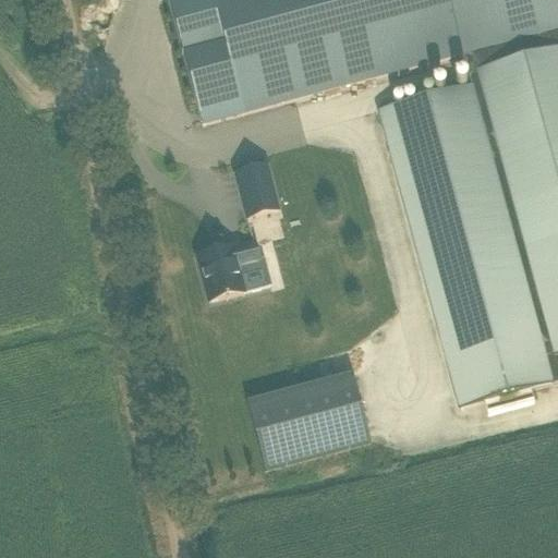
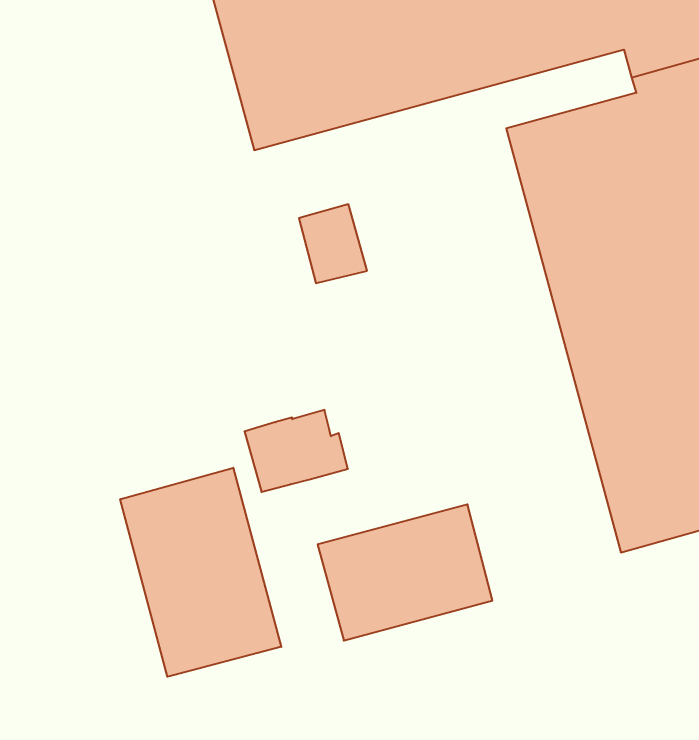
building: [198,239,271,296] -> [244,410,348,492]
building: none -> [120,468,281,677]

